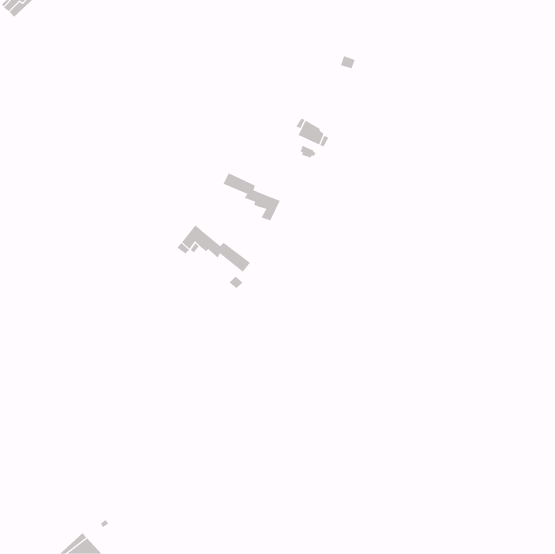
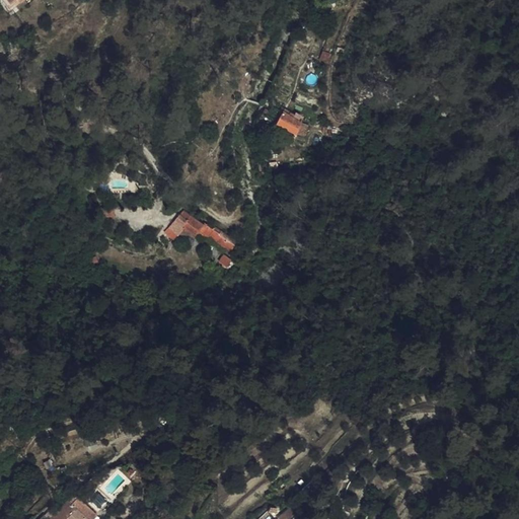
building: [223,173,280,221] -> none

